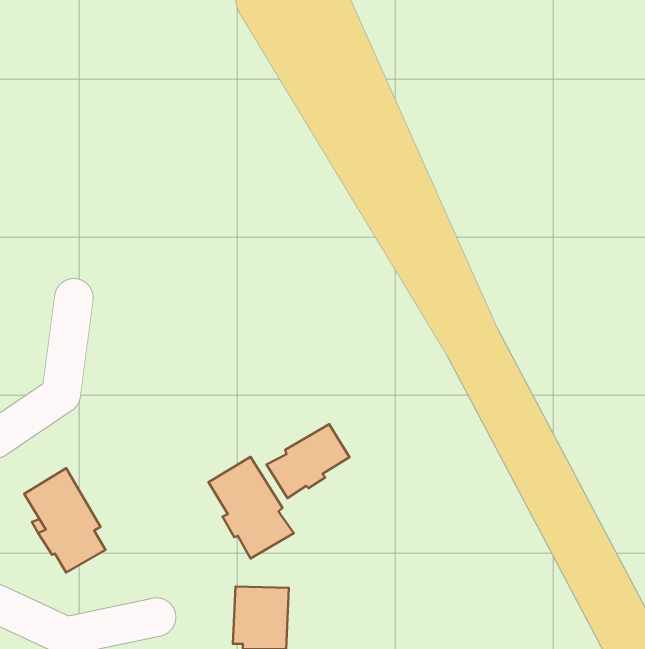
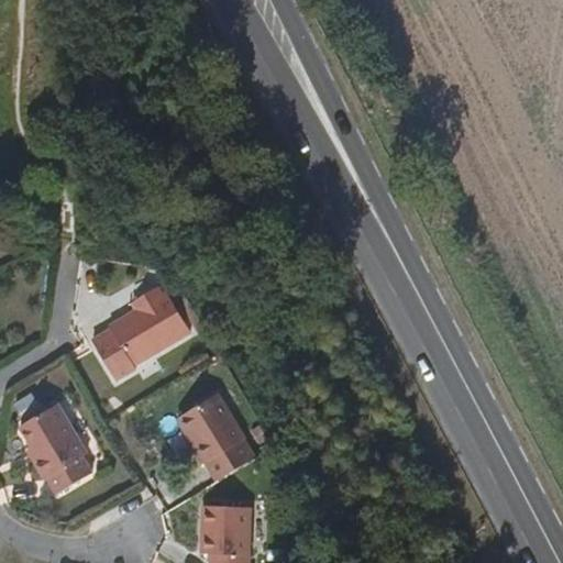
building: none -> [91,286,189,379]
building: [267,424,349,498] -> none

